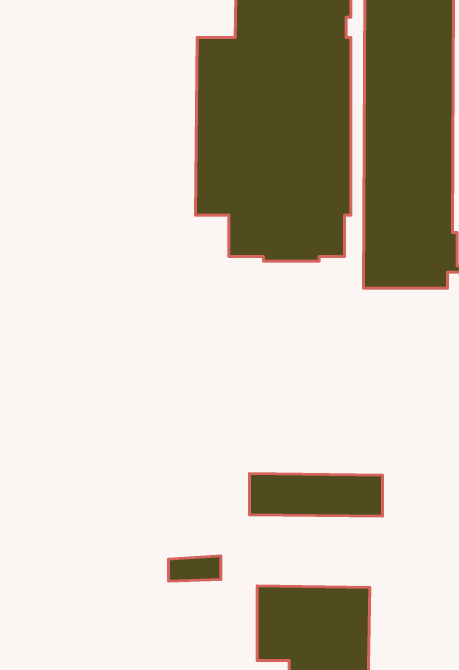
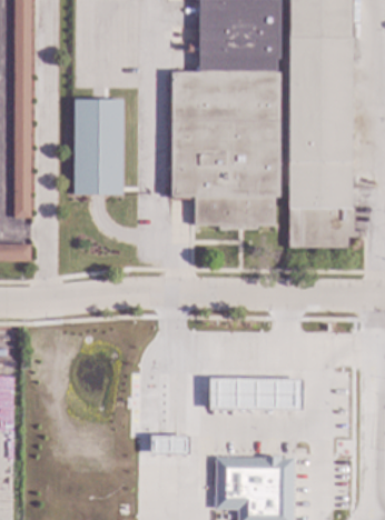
building: none -> [72,98,124,193]

